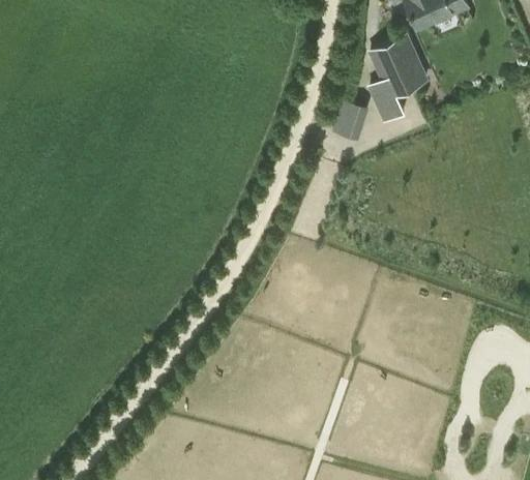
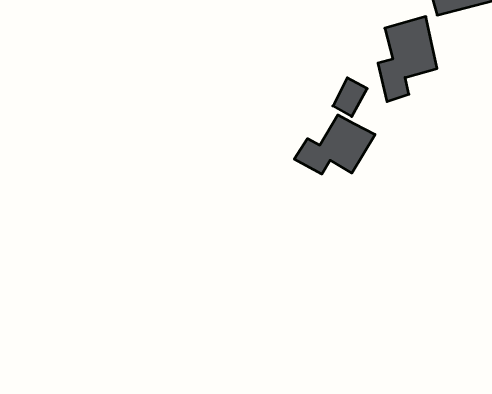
building: none -> [294,115,375,174]

